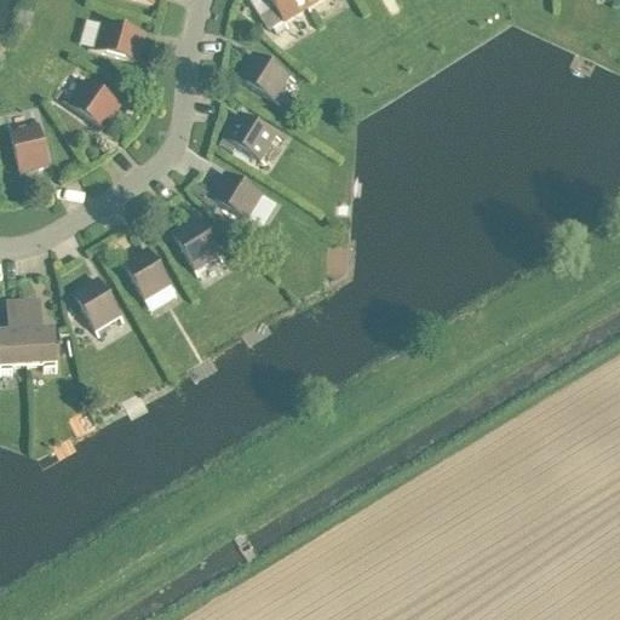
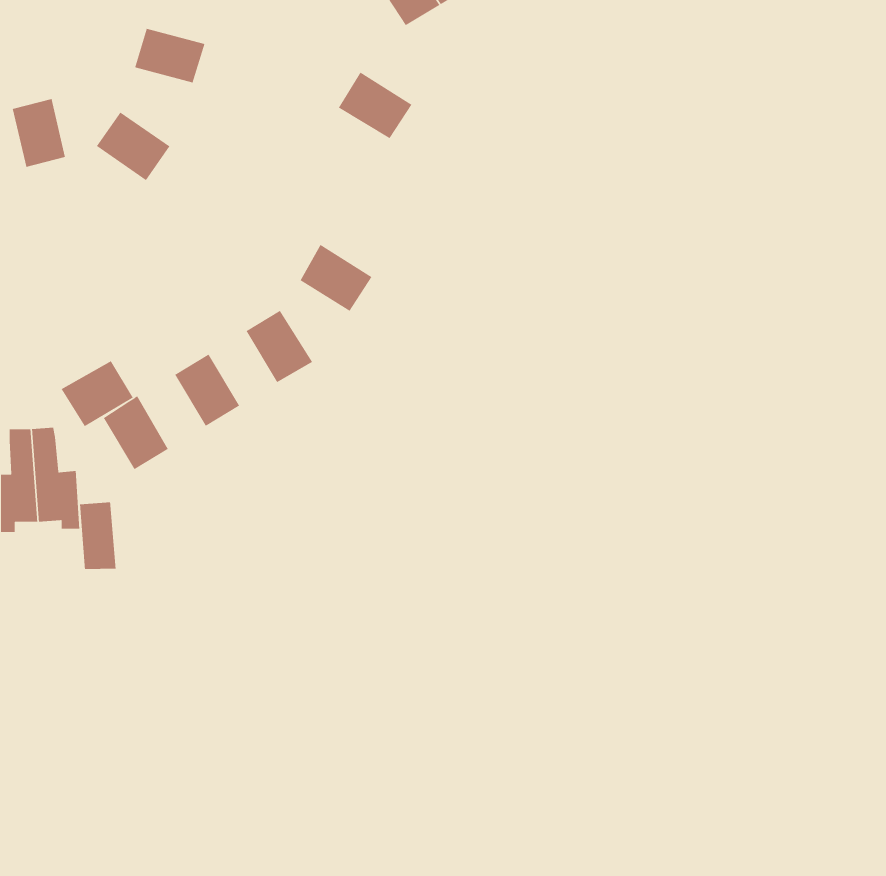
building: [224,110,276,157] -> none
building: [11,121,48,170] -> [12,98,66,168]
building: none -> [60,360,134,427]
building: none -> [79,501,117,570]

